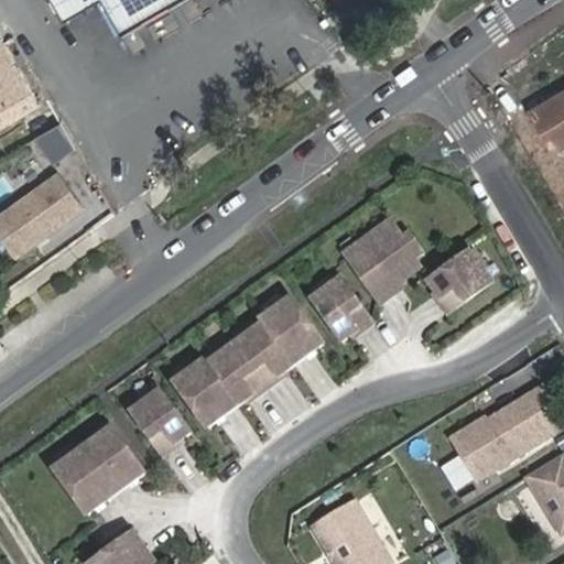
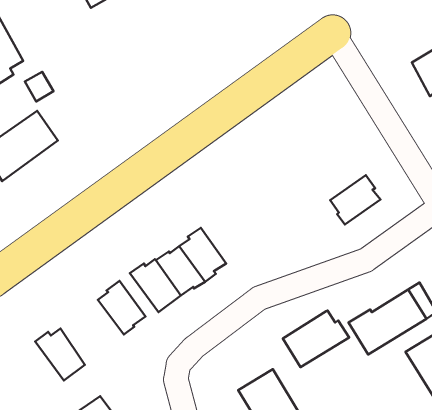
building: [347,217,423,302] -> none
building: [300,264,364,327] -> none
building: [260,292,322,364] -> none
building: [83,421,144,492] -> none
building: none -> [283,311,349,367]

